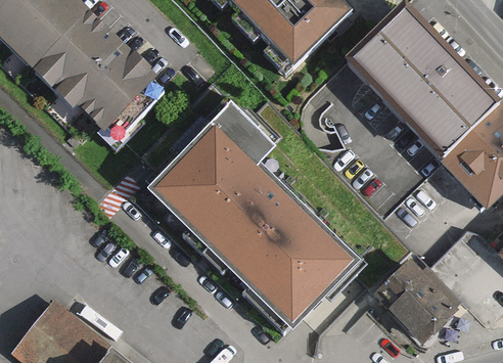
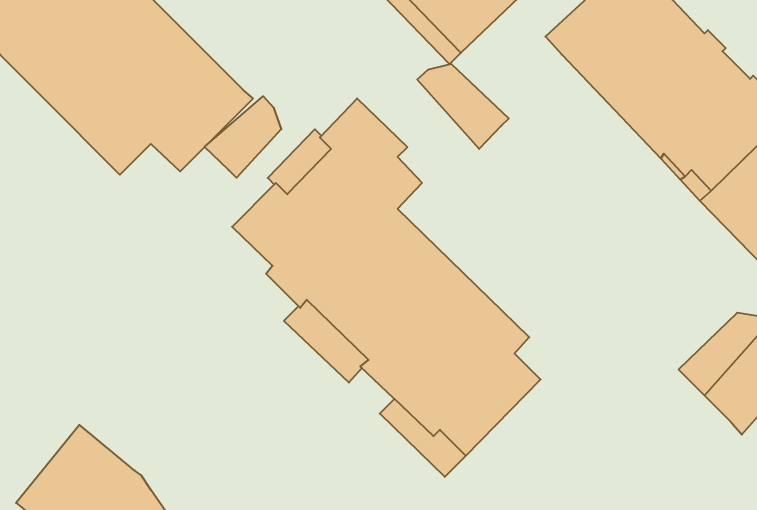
building: none -> [417,64,509,149]
building: none -> [205,96,281,178]
building: [383,264,464,335] -> none

